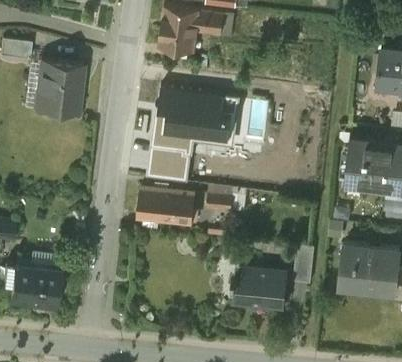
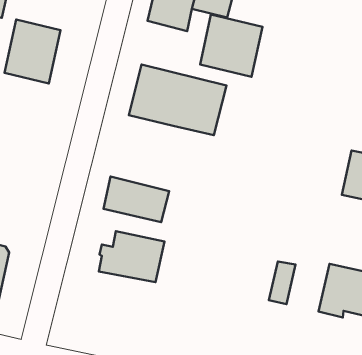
building: none -> [200,15,262,77]
building: [147,133,193,183] -> none
building: [206,188,233,214] -> none
building: [231,269,287,310] -> [99,231,164,282]

